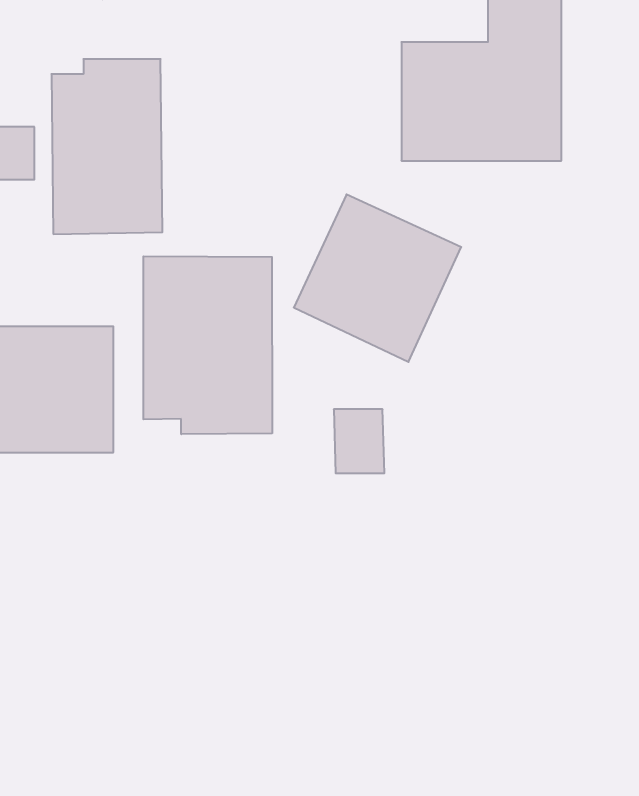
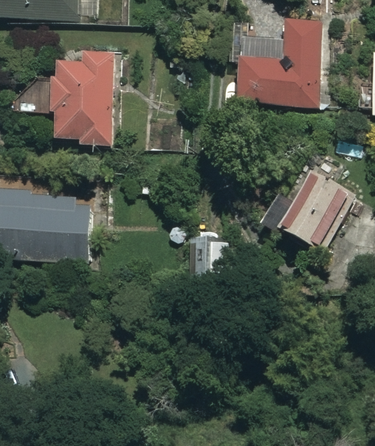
building: [294,194,461,362] -> [263,164,352,253]
building: [143,256,272,434] -> none

